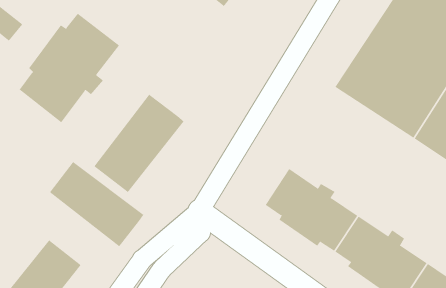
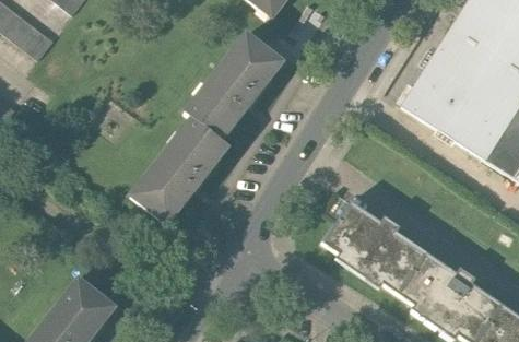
building: [19,13,120,123] -> none
building: none -> [185,32,285,141]
building: [49,161,144,247] -> none

